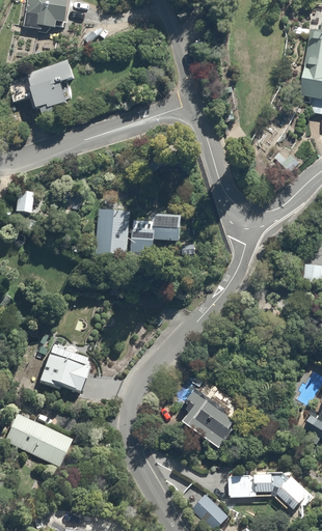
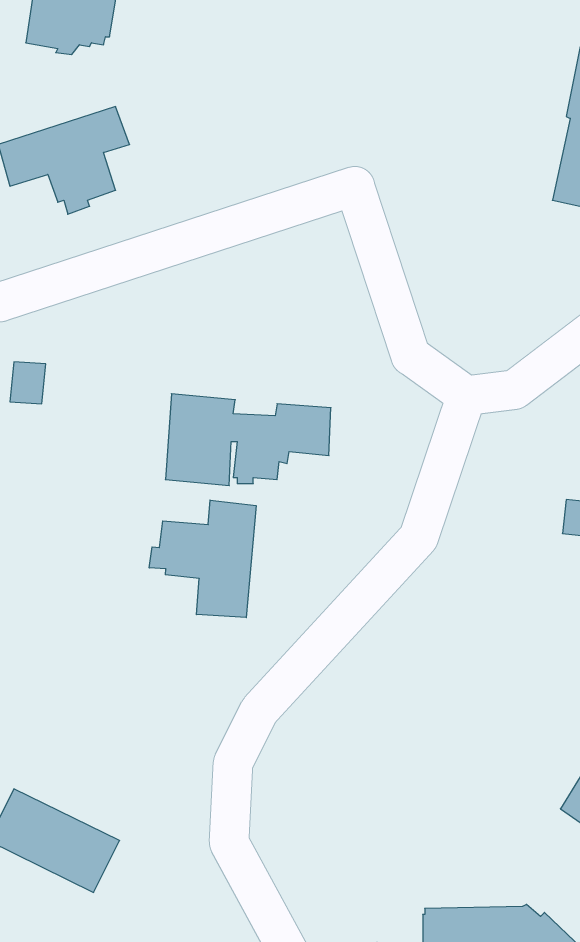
building: none -> [149,500,256,618]
building: [36,344,92,393] -> none
building: [184,384,245,449] -> none

